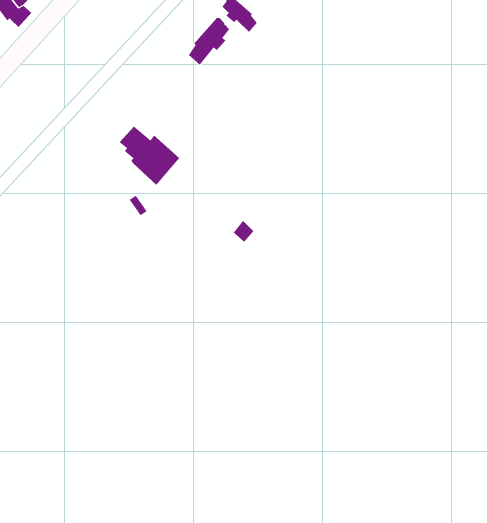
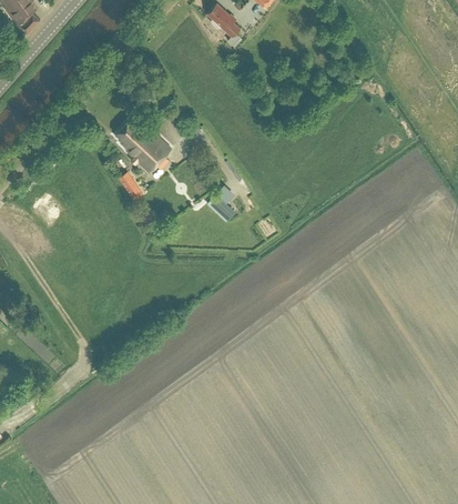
building: [188,17,230,66] -> none

